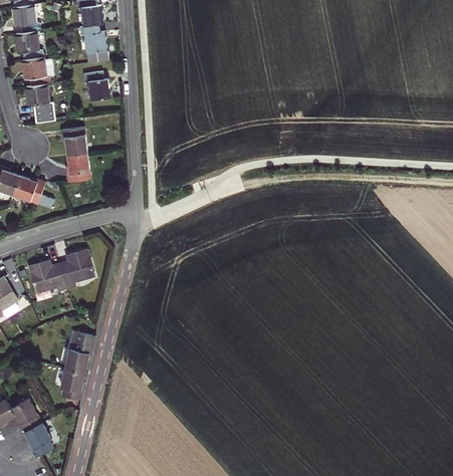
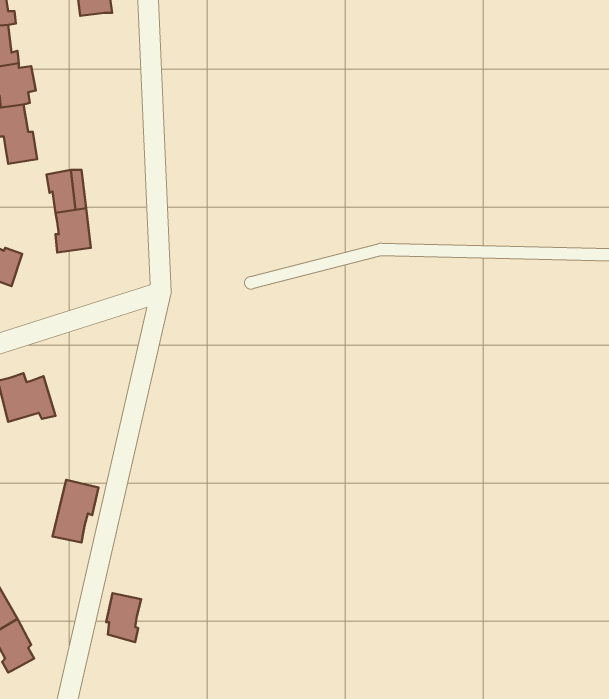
building: [79,24,106,53] -> none
building: [83,71,110,101] -> none
building: [58,250,93,289] -> none
building: [60,369,83,401] -> [106,593,141,642]

